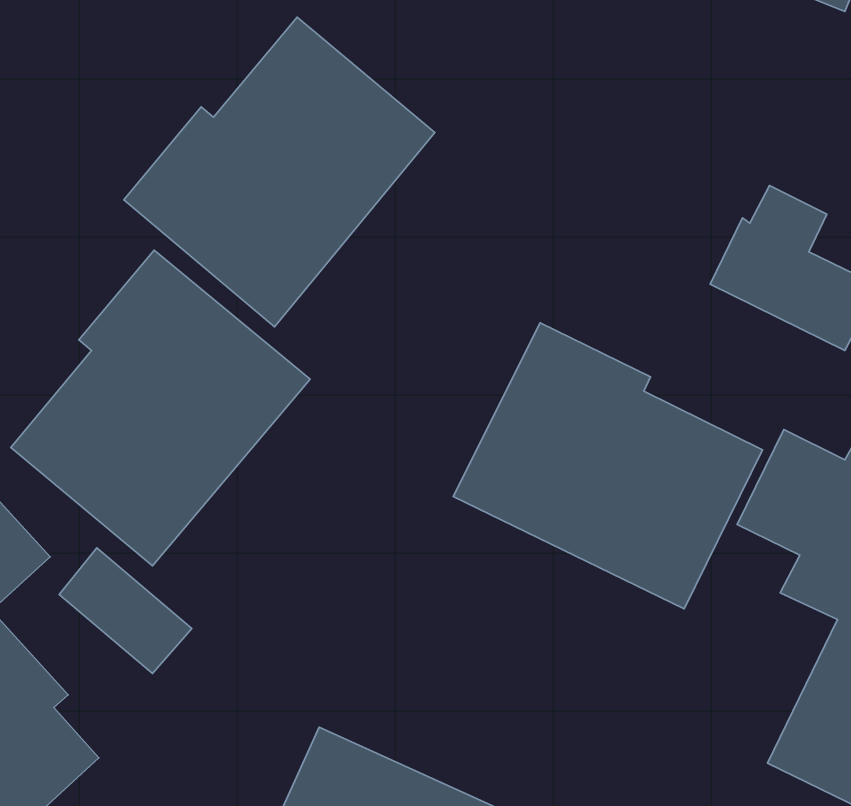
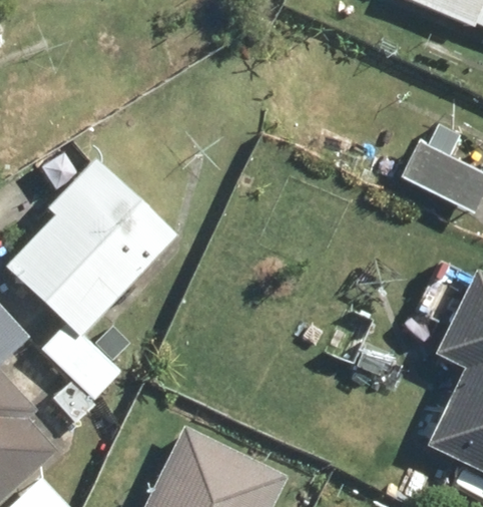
building: [124,17,435,327] -> none
building: [453,323,762,609] -> none

